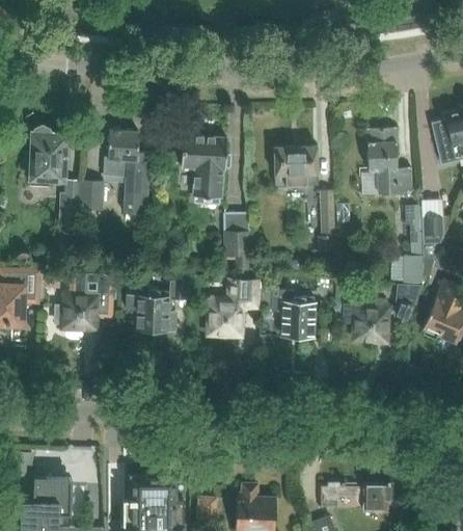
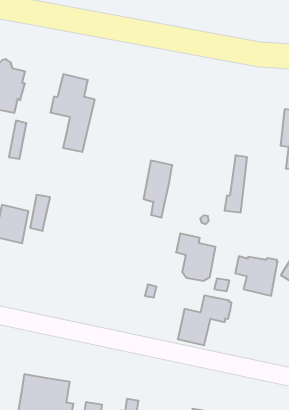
building: [181,136,227,198] -> none
building: [274,147,318,185] -> none
building: [80,183,104,212] -> none
building: [128,275,191,333] -> none
building: [209,280,263,336] -> [178,296,232,345]

